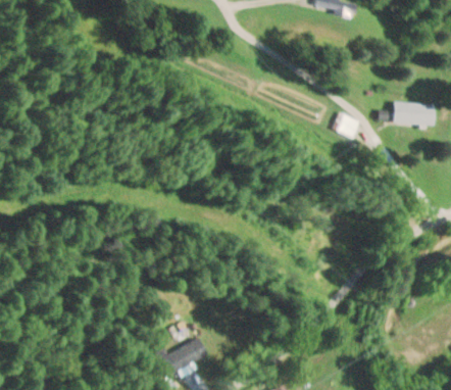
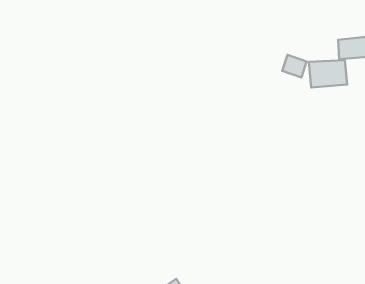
building: none -> [309,60,347,87]

